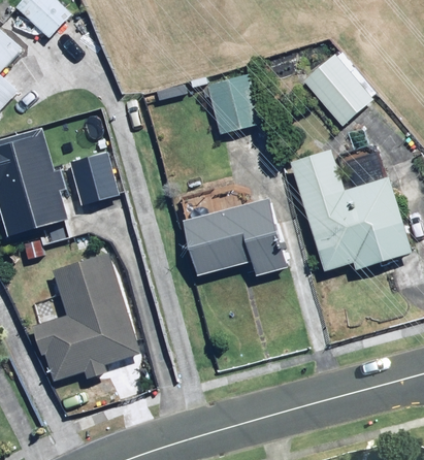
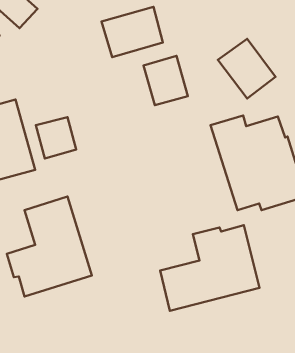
building: none -> [101,7,163,57]
building: [175,184,288,276] -> none
building: none -> [160,225,259,311]

